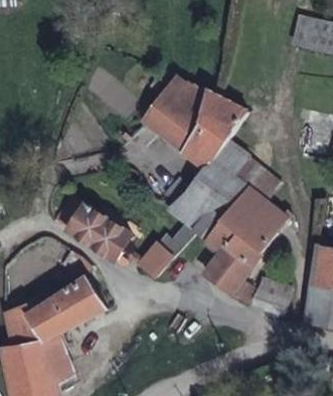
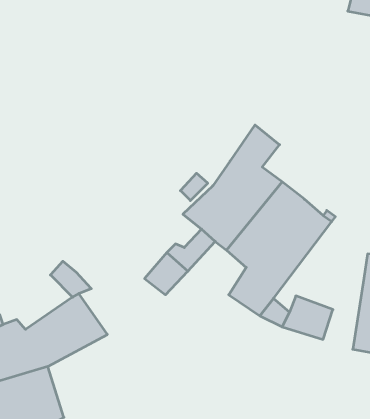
building: [143,78,246,169] -> none
building: [232,156,281,200] -> none
building: [53,195,132,264] -> none

